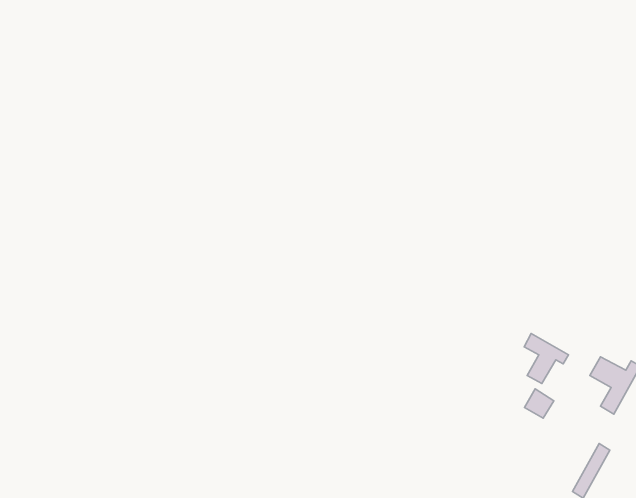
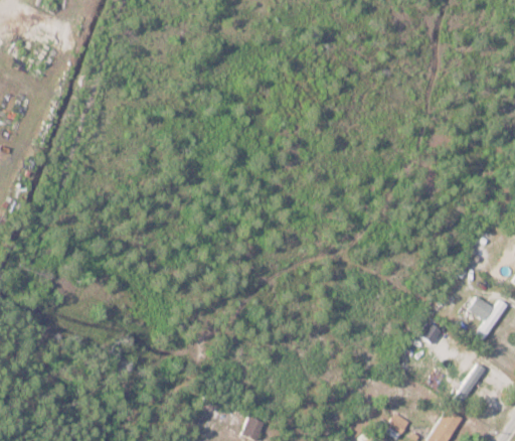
building: [524,334,568,384] -> none

